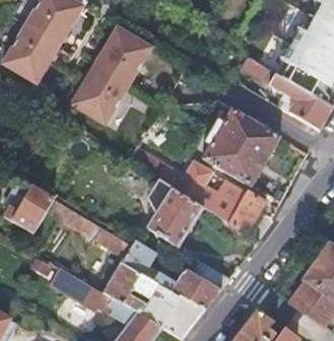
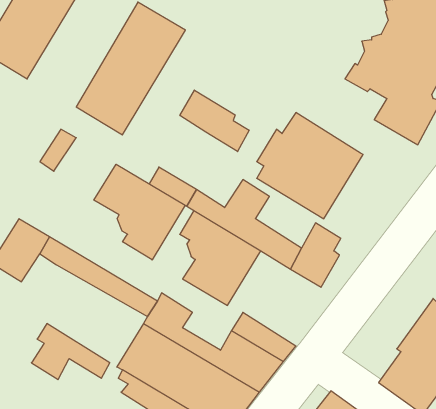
building: none -> [180,90,249,152]
building: none -> [94,164,185,260]

